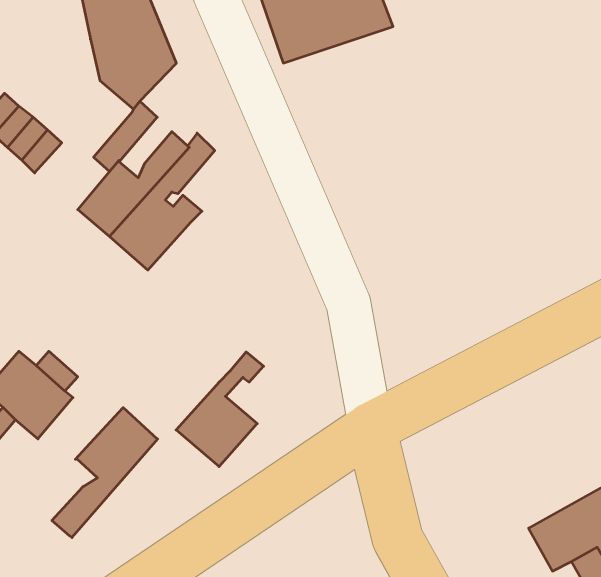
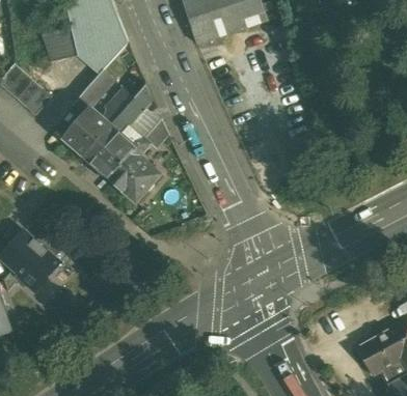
building: none -> [43,27,78,60]
building: [176,352,264,467] -> [109,126,166,201]
building: [52,408,158,538] -> none

